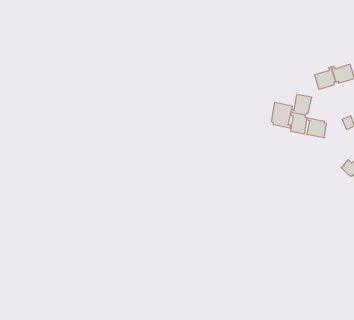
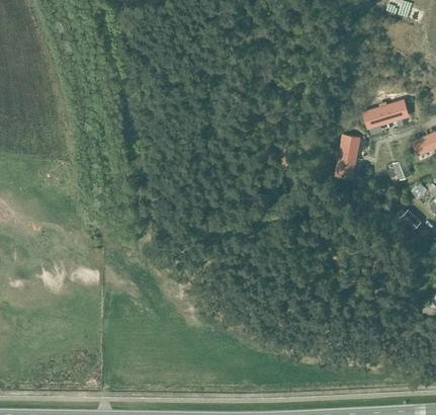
building: [272,102,292,128] -> none
building: [307,118,326,138] -> none

